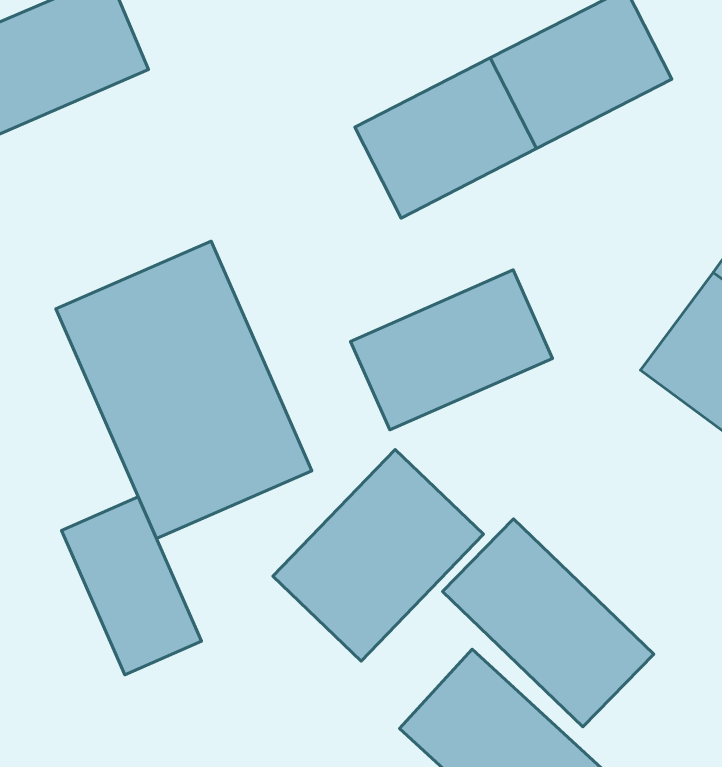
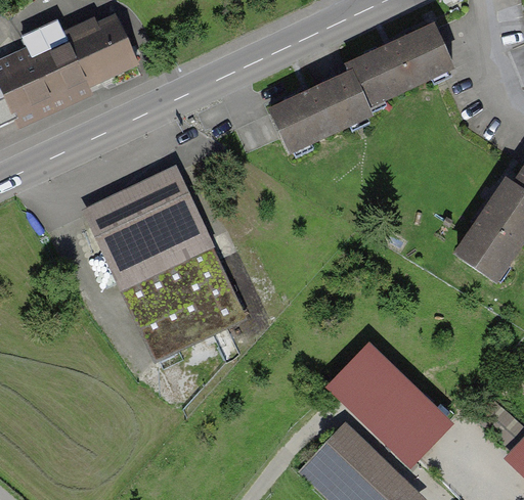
building: [351,270,552,430] -> none
building: [273,449,484,661] -> none
building: [62,497,202,675] -> none

